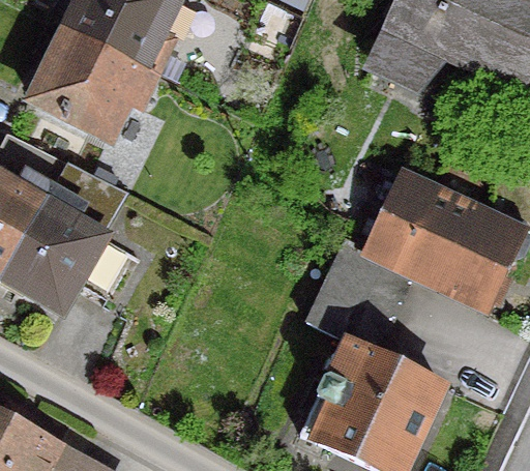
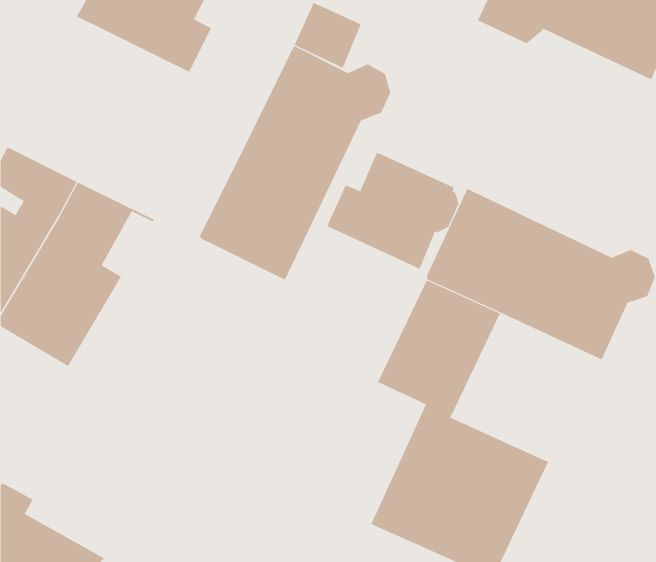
building: [29,34,156,141] -> none
building: none -> [199,45,391,280]
building: none -> [326,152,459,269]

